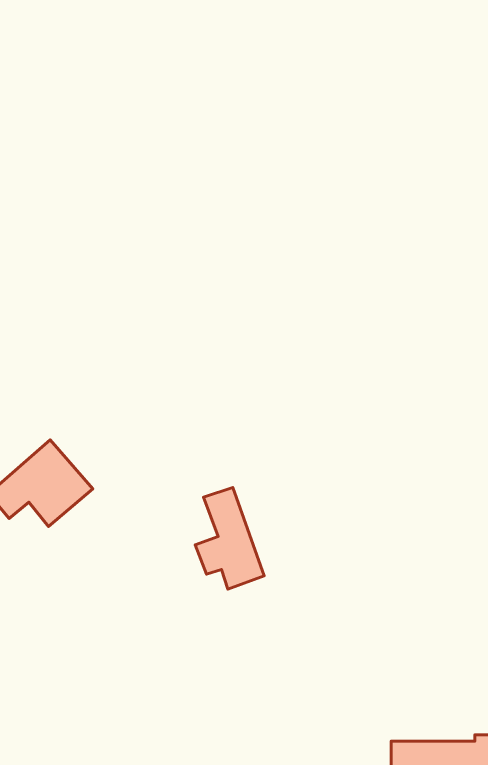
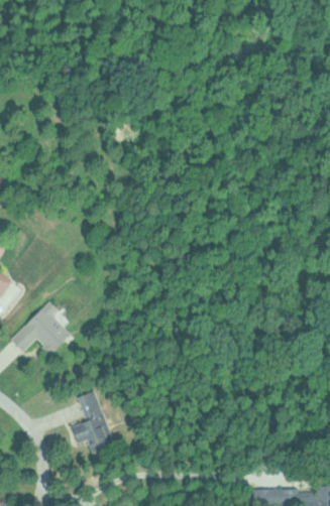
building: [195,487,264,589] -> [70,390,112,453]

